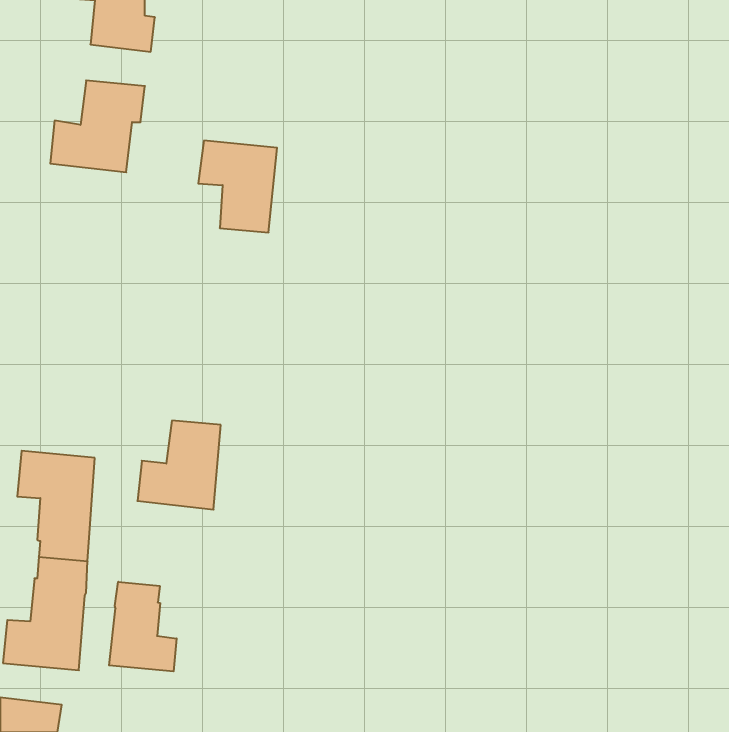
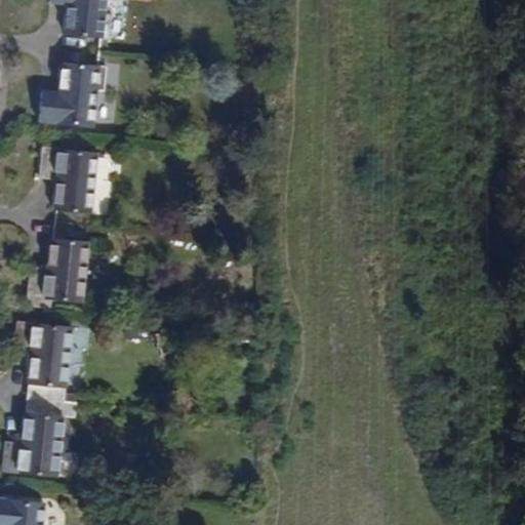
building: [198,141,277,232] -> [39,145,95,210]
building: [137,421,221,510] -> [26,239,85,302]
building: [109,582,177,671] -> none

